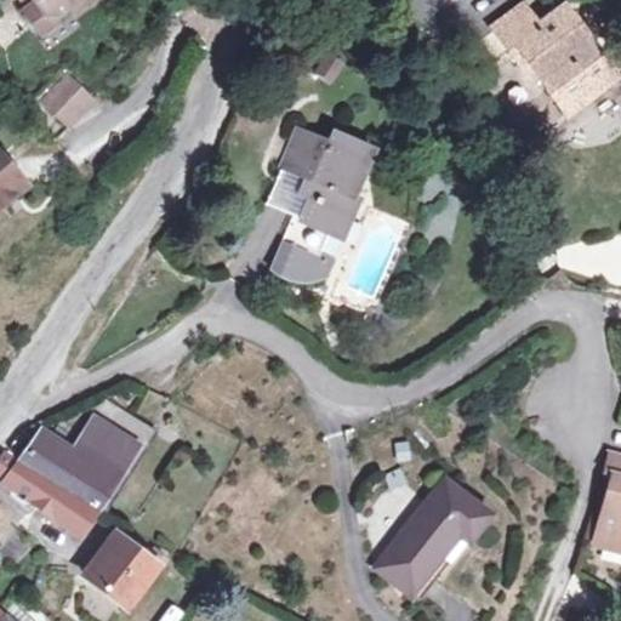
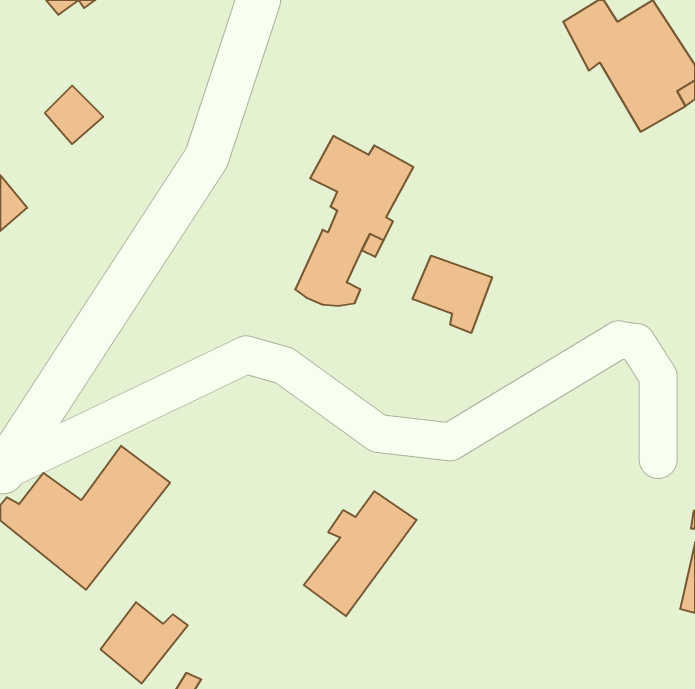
building: none -> [413,256,492,333]
building: [376,480,477,592] -> [304,491,417,616]

